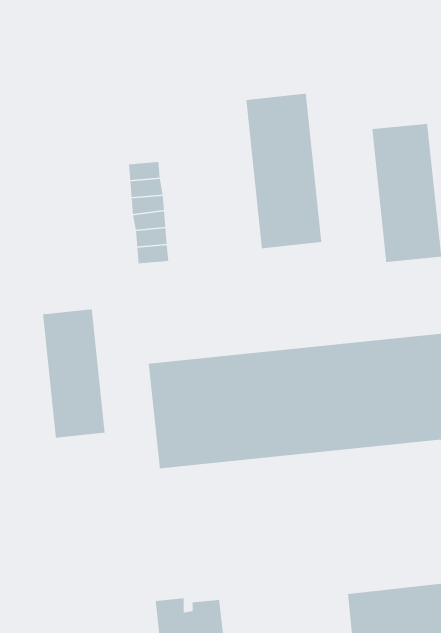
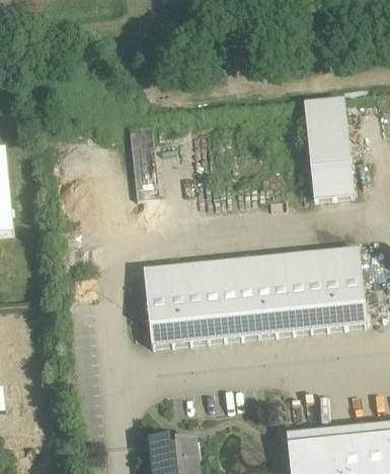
building: [246,93,322,249] -> none
building: [42,308,106,439] -> none

